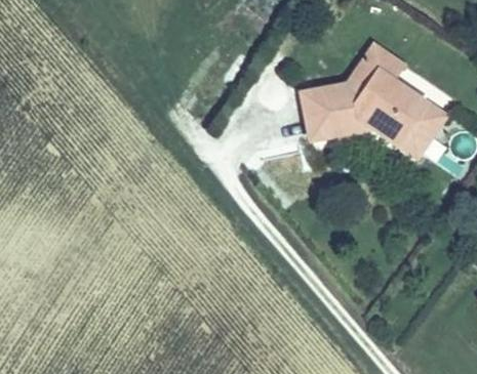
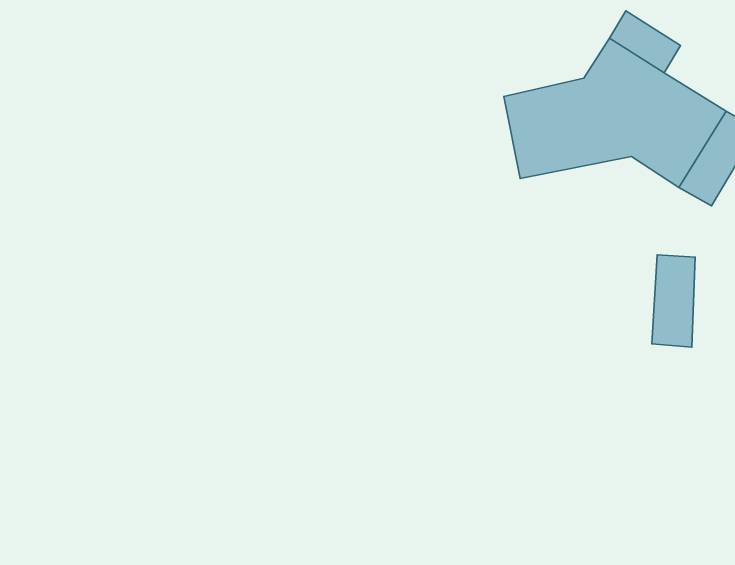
building: none -> [652,255,695,347]

